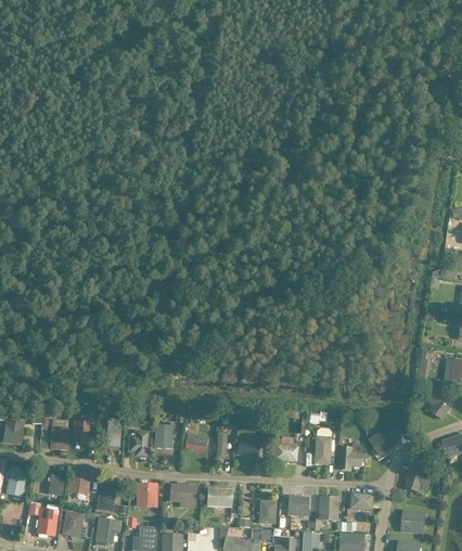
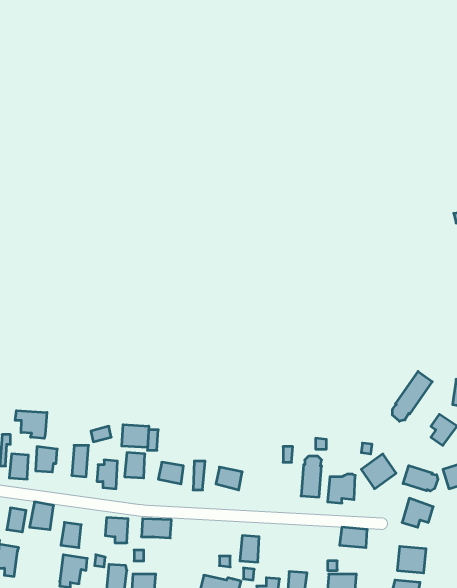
building: none -> [392,371,432,421]
building: none -> [15,411,47,438]
building: none -> [122,425,149,448]
building: none -> [403,466,438,491]
building: [273,437,298,463] -> none
building: [206,488,232,508] -> none
building: [287,496,309,516] -> none
building: [318,497,338,521] -> none
building: [62,511,88,538] -> none

